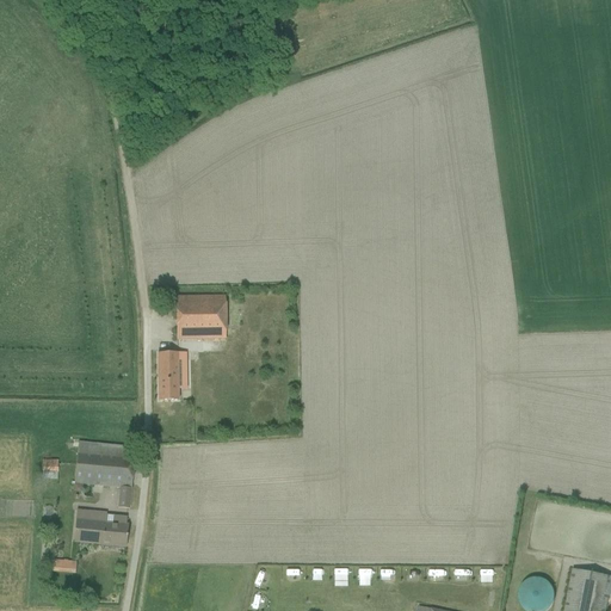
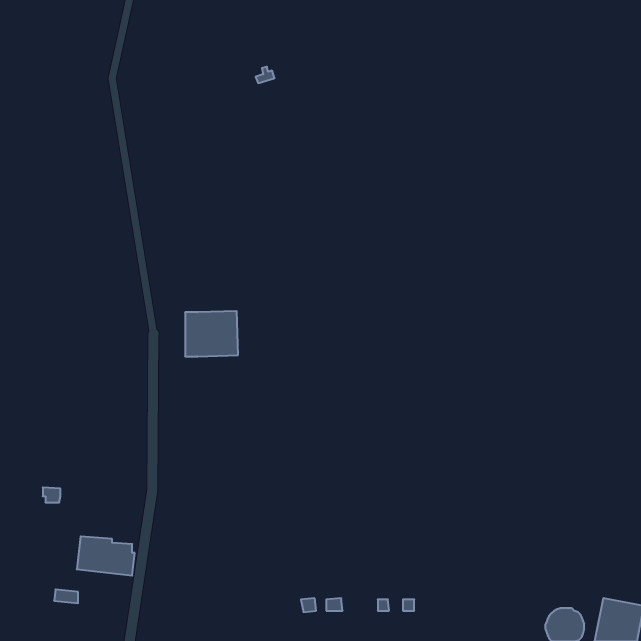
building: [159,351,180,400] -> none
building: [75,440,137,507] -> none

